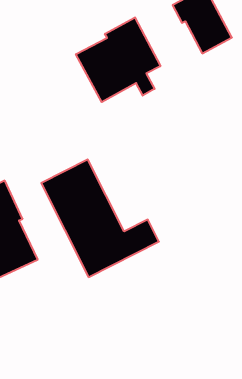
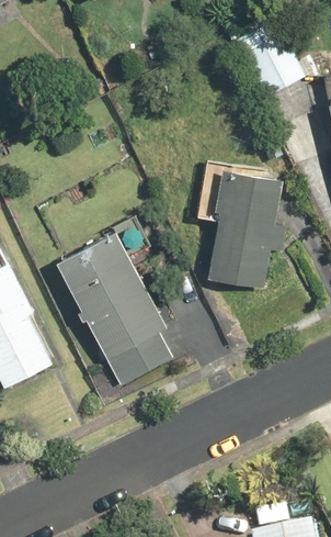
building: [76,17,160,102] -> none
building: none -> [197,160,278,286]

